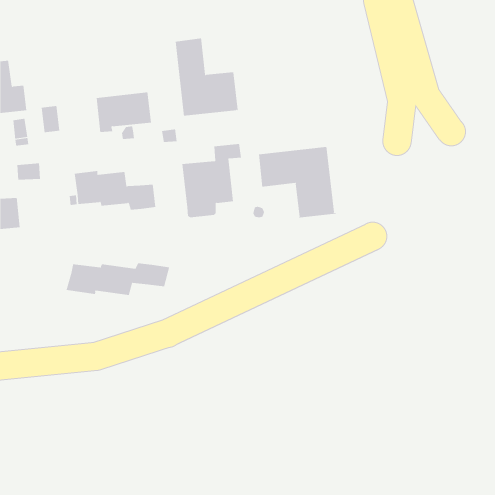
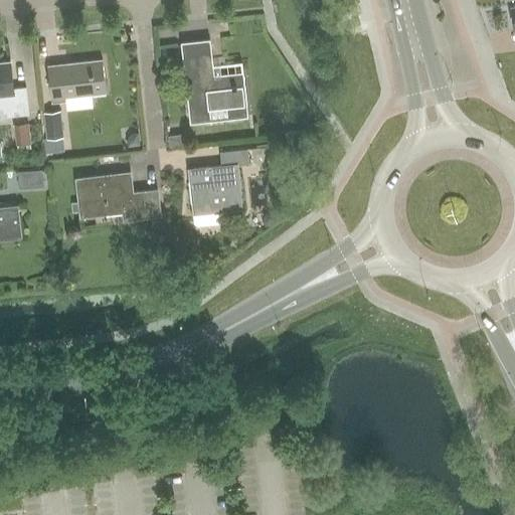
building: [96,92,152,133] -> [47,61,106,104]
building: [259,146,337,218] -> none
building: [66,262,170,296] -> none

